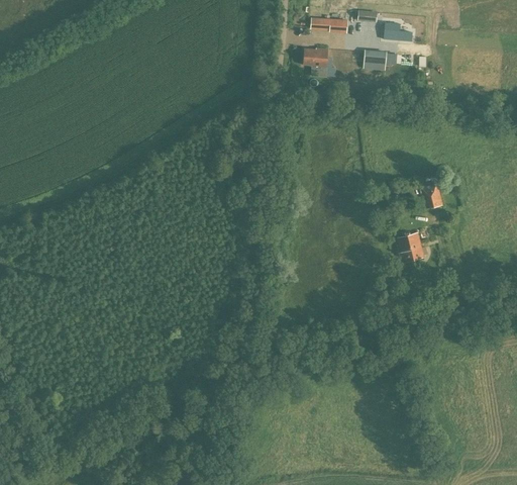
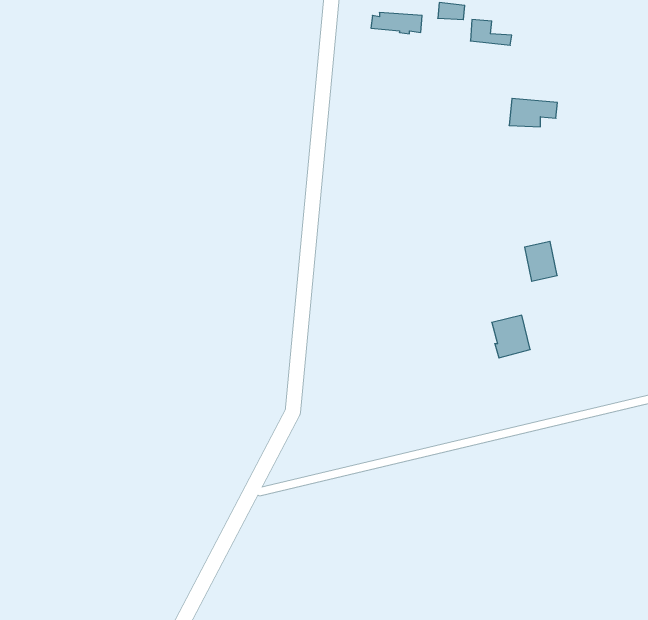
building: [304,47,328,76] -> none
building: [364,48,398,69] -> [509,98,557,127]

